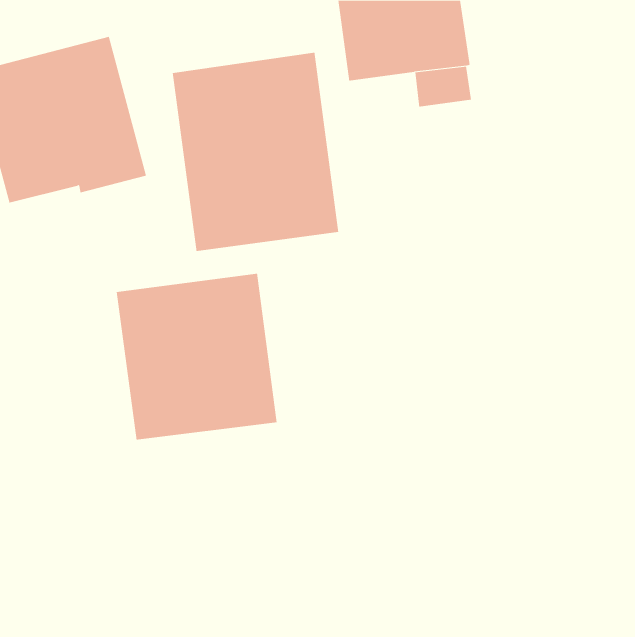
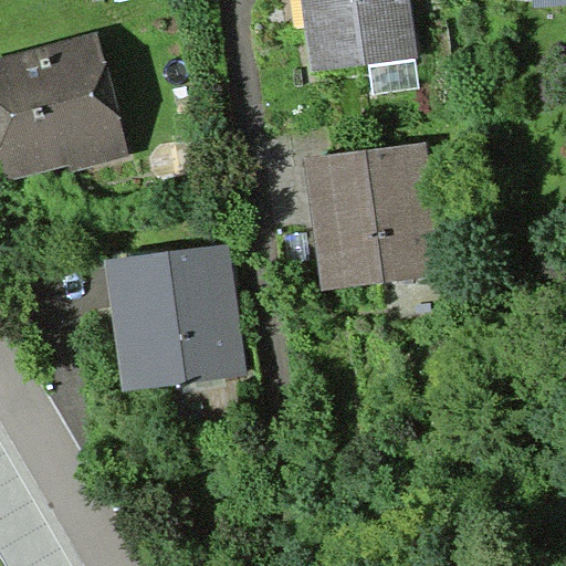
building: [172,52,339,252] -> none
building: none -> [304,142,440,290]

